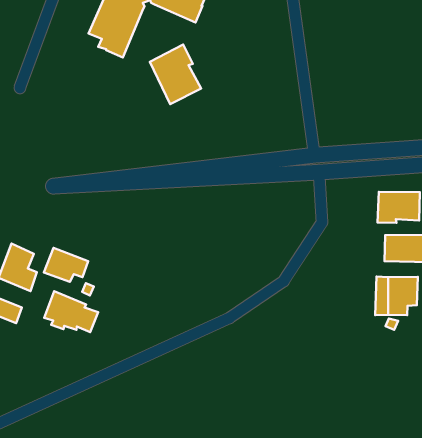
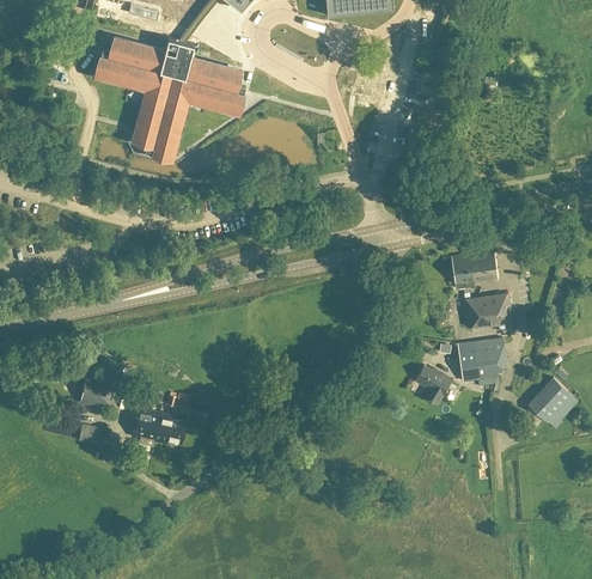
building: [150,45,201,104] -> none
building: [44,248,88,282] -> none
building: none -> [415,365,451,403]

